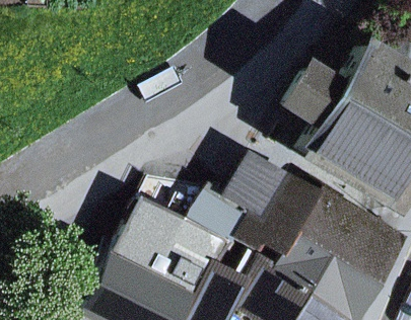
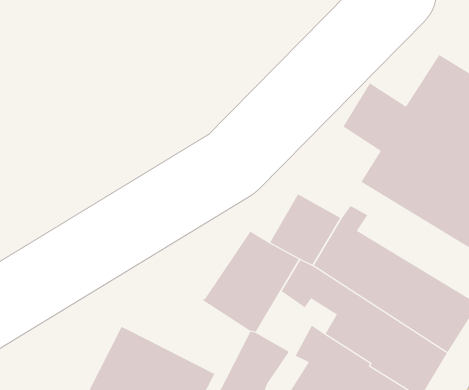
building: [127,217,222,299] -> none

